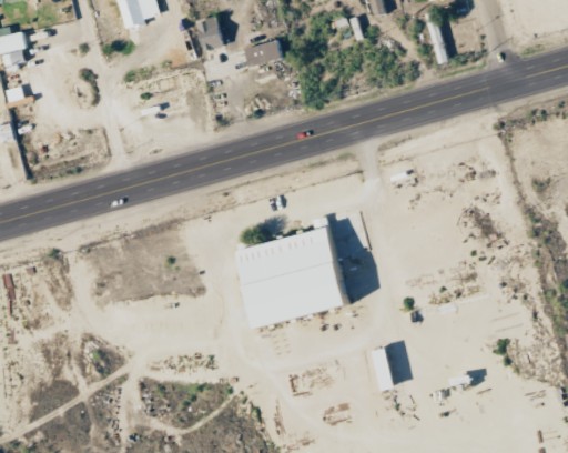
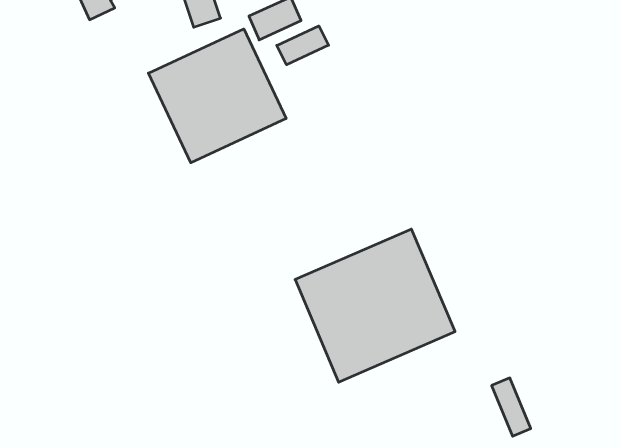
building: none -> [148,29,286,163]
building: none -> [277,26,329,65]

